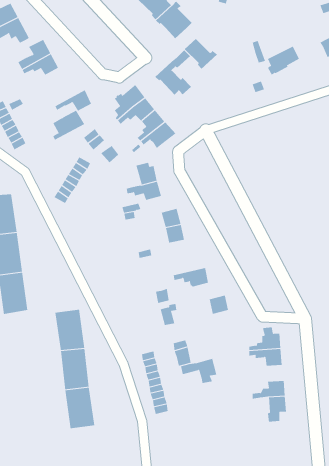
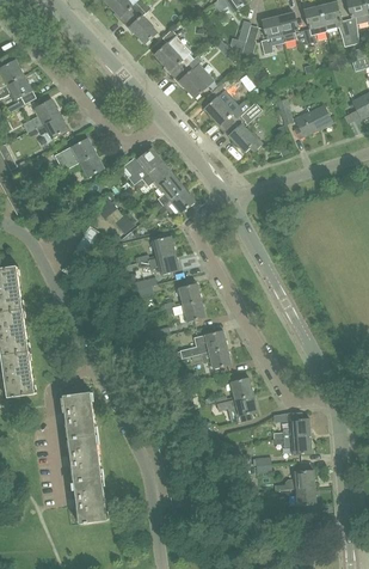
building: [155,49,192,96] -> [222,102,263,152]
building: [52,110,85,141] -> [60,137,96,171]
building: none -> [179,330,227,357]
building: [180,358,217,384] -> [216,393,257,421]

